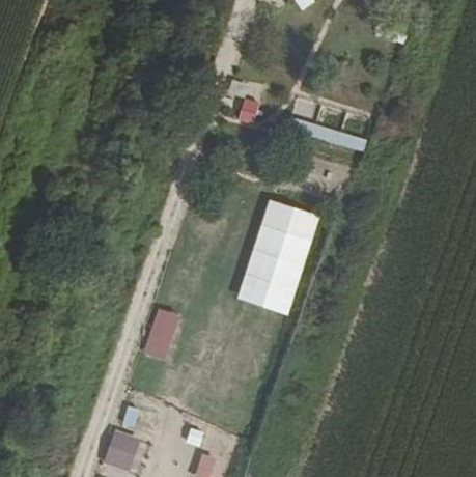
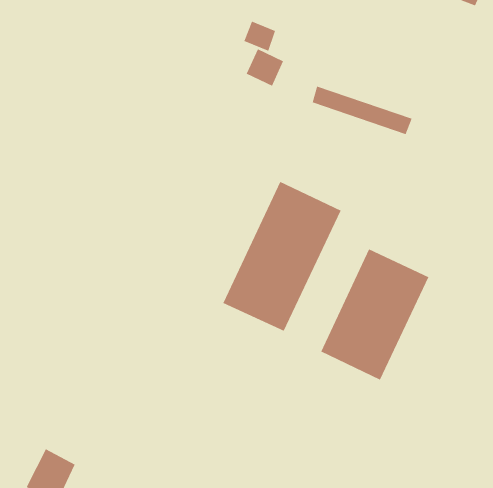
building: none -> [321,249,429,381]
building: [143,307,180,359] -> none

